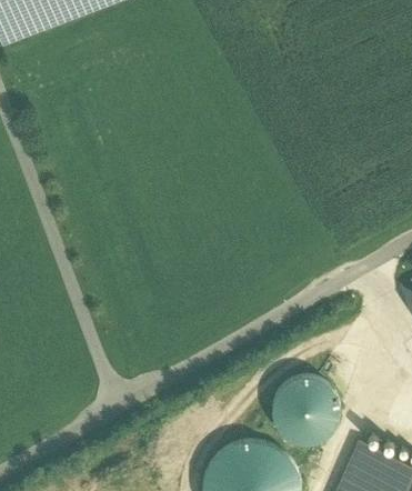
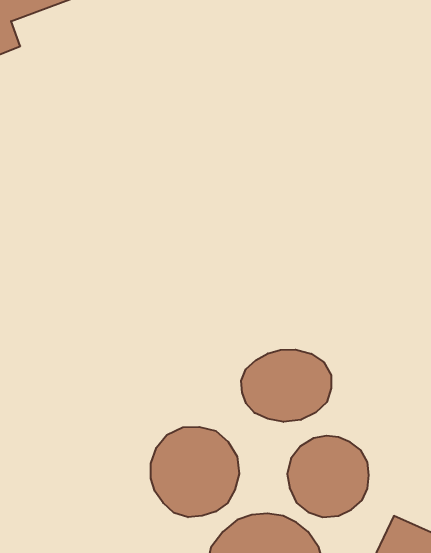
building: none -> [241,350,331,422]
building: none -> [151,427,239,517]

